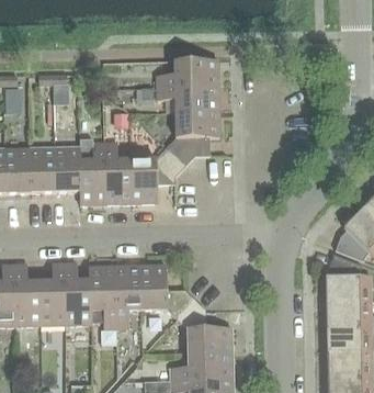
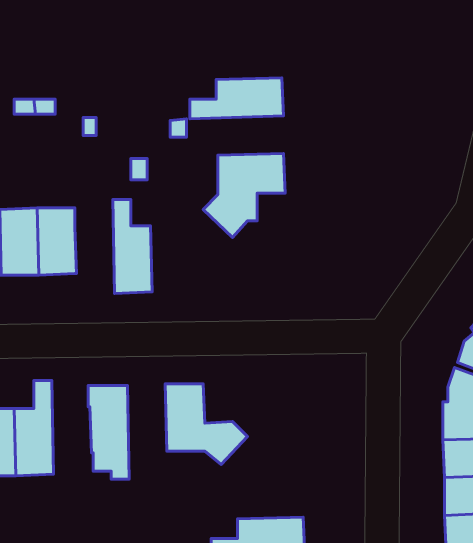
building: [157,86,219,112] -> none
building: [80,139,106,205] -> none
building: [131,148,185,203] -> none
building: [65,262,92,325] -> none
building: [115,265,141,328] -> none
building: [178,300,233,355] -> none

